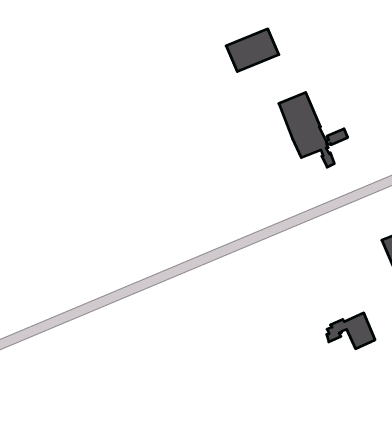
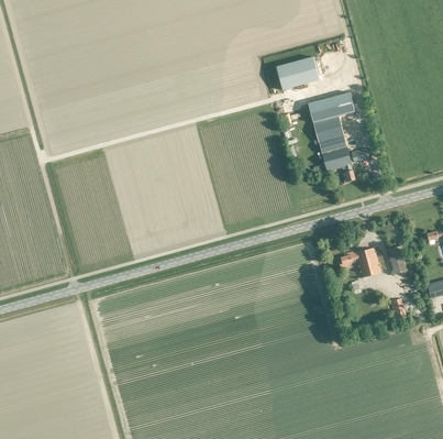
building: none -> [308,92,354,122]
building: [327,313,375,349] -> [339,248,379,277]

